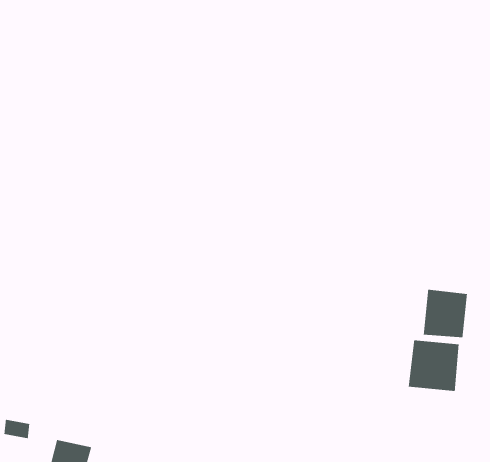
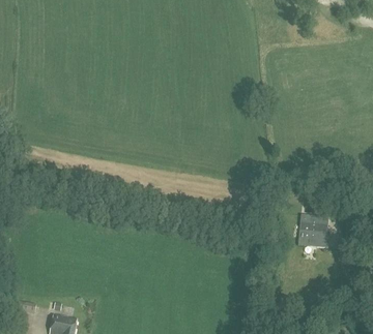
building: [408,340,460,392] -> none

